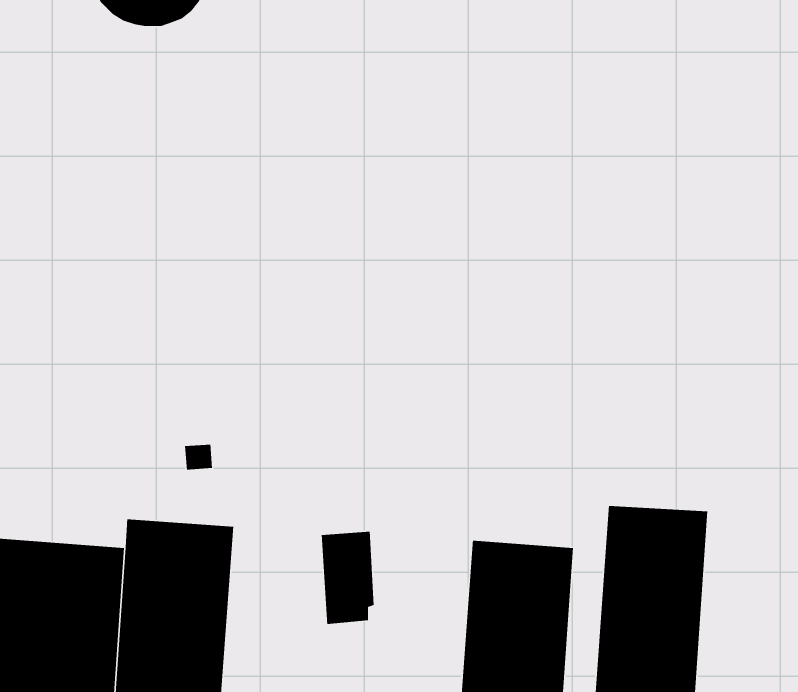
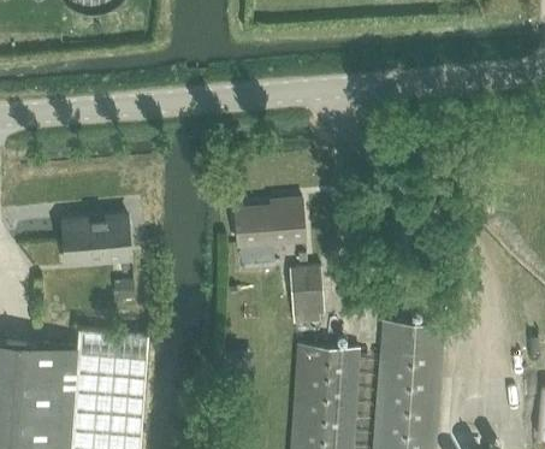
building: none -> [236,200,307,248]
building: none -> [59,219,128,268]
building: [321,531,374,625] -> [290,268,324,327]

